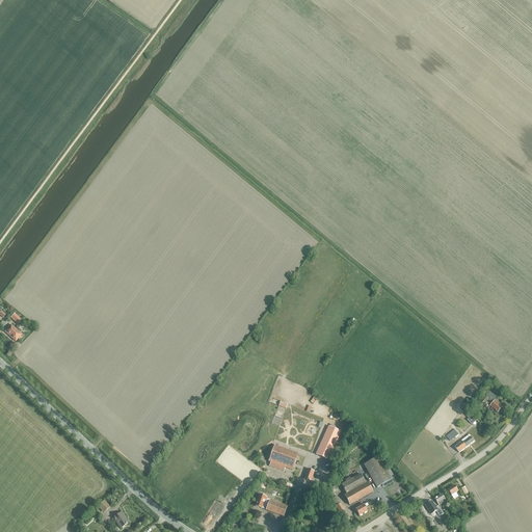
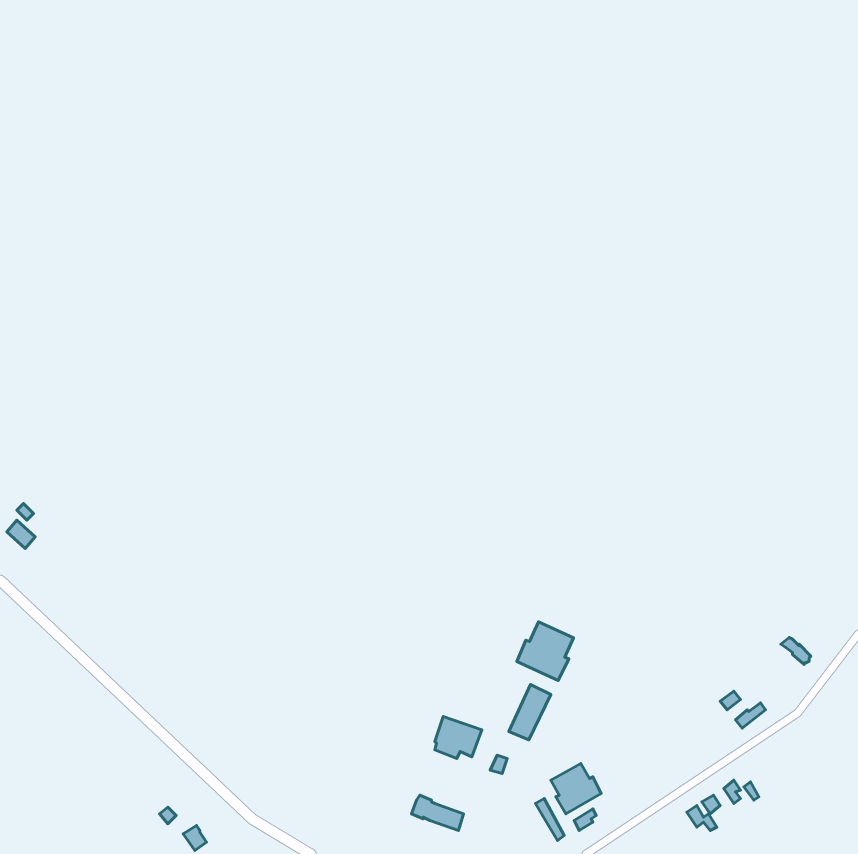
building: none -> [517,622,574,681]
building: [364,455,394,486] -> none

